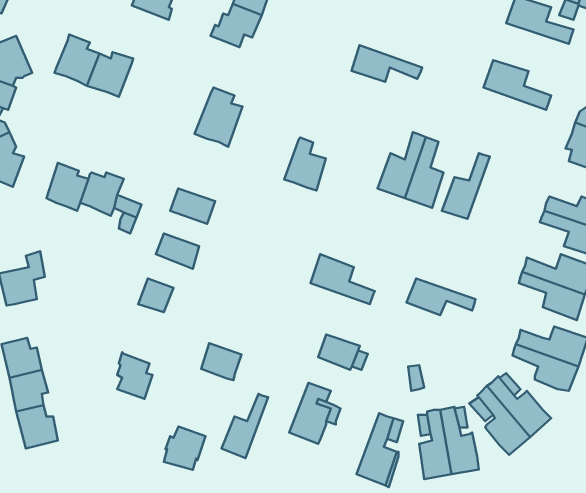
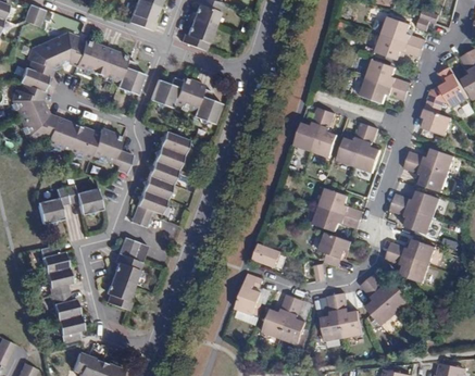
building: none -> [375,33,423,58]
building: none -> [49,34,84,66]
building: [351,45,422,82] -> [360,76,408,101]
building: none -> [116,60,145,96]
building: none -> [150,77,180,108]
building: [284,138,326,191] -> [192,88,221,124]
building: none -> [47,122,77,151]
building: none -> [354,123,380,172]
building: none -> [159,129,189,153]
building: none -> [149,160,178,184]
building: none -> [65,186,102,215]
building: none -> [138,189,168,214]
building: [311,254,375,304] -> [320,186,363,220]
building: none -> [321,231,352,266]
building: [201,343,241,380] -> [122,239,149,264]
building: [222,394,268,458] -> [263,294,295,338]
building: [164,427,206,470] -> [108,280,136,310]
building: none -> [55,315,82,344]

